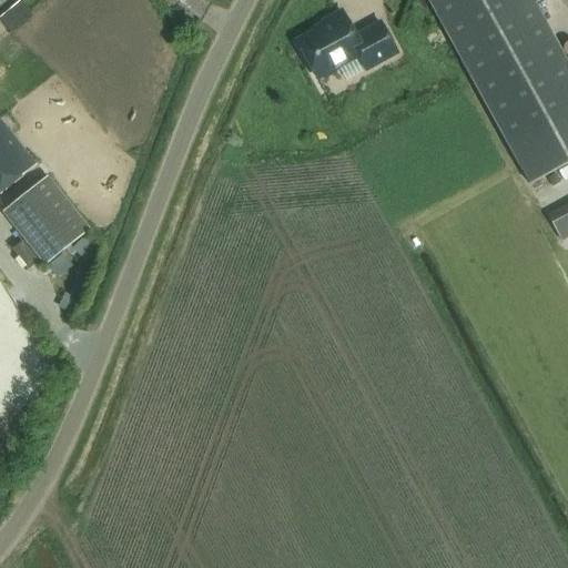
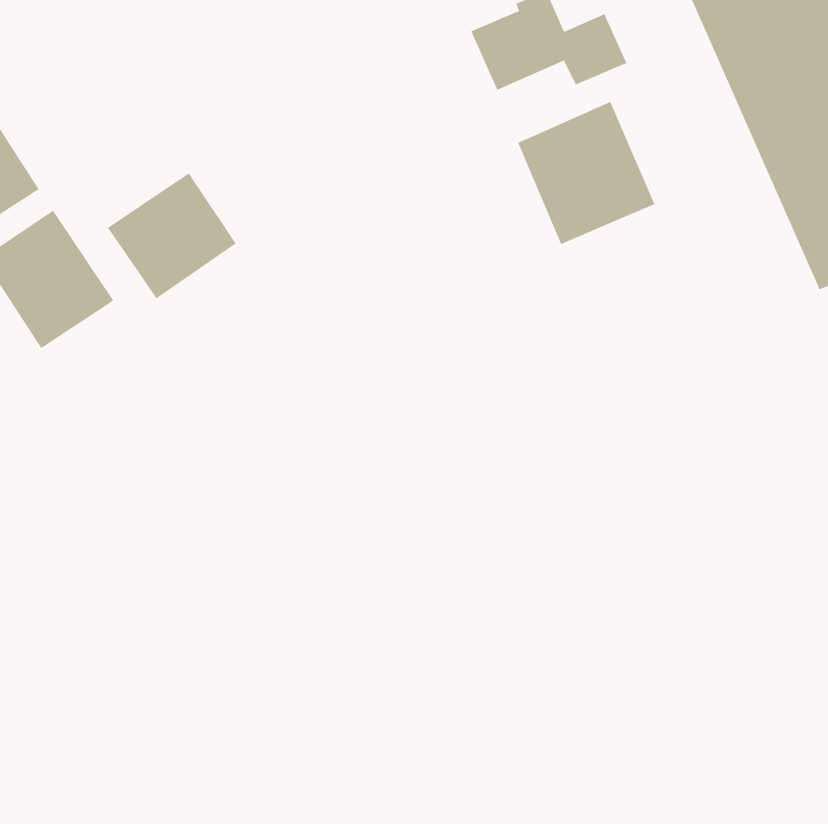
building: none -> [518,101,655,245]
building: none -> [107,173,237,299]

